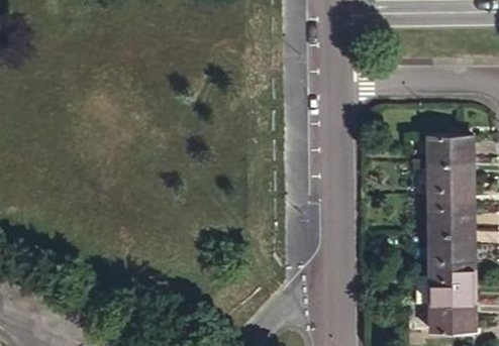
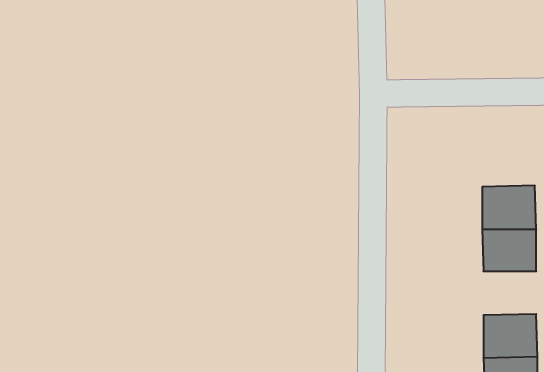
building: [427,135,471,162] -> none
building: [428,232,472,268] -> none

